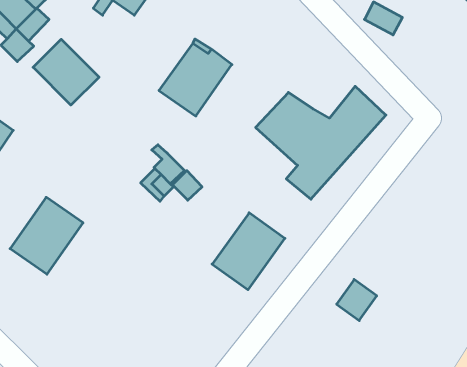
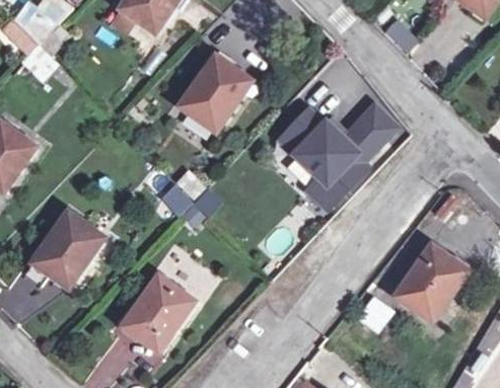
building: [33,39,99,105] -> none
building: [212,213,285,290] -> [122,275,194,351]
building: none -> [394,243,468,321]

